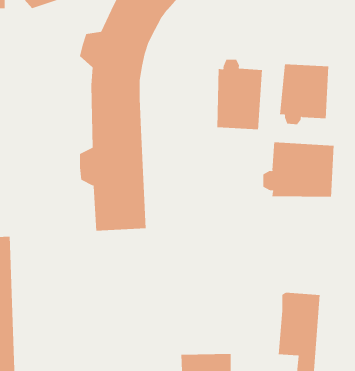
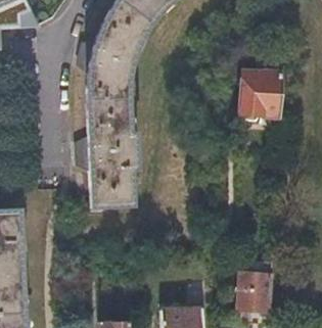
building: [217,59,262,130] -> none
building: [263,141,334,198] -> none

